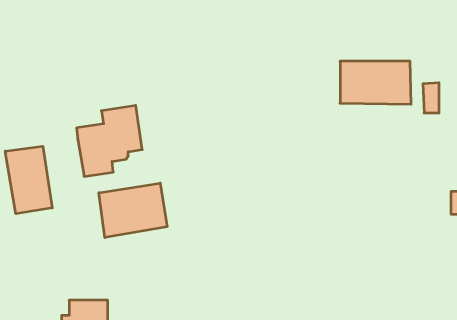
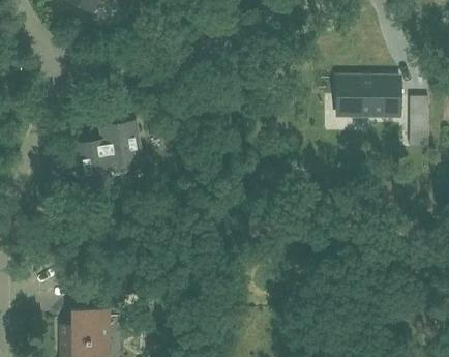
building: [5,146,52,214] -> none
building: [99,183,167,238] -> none

